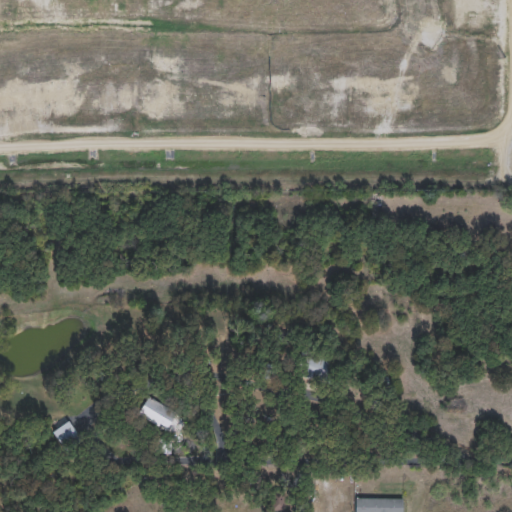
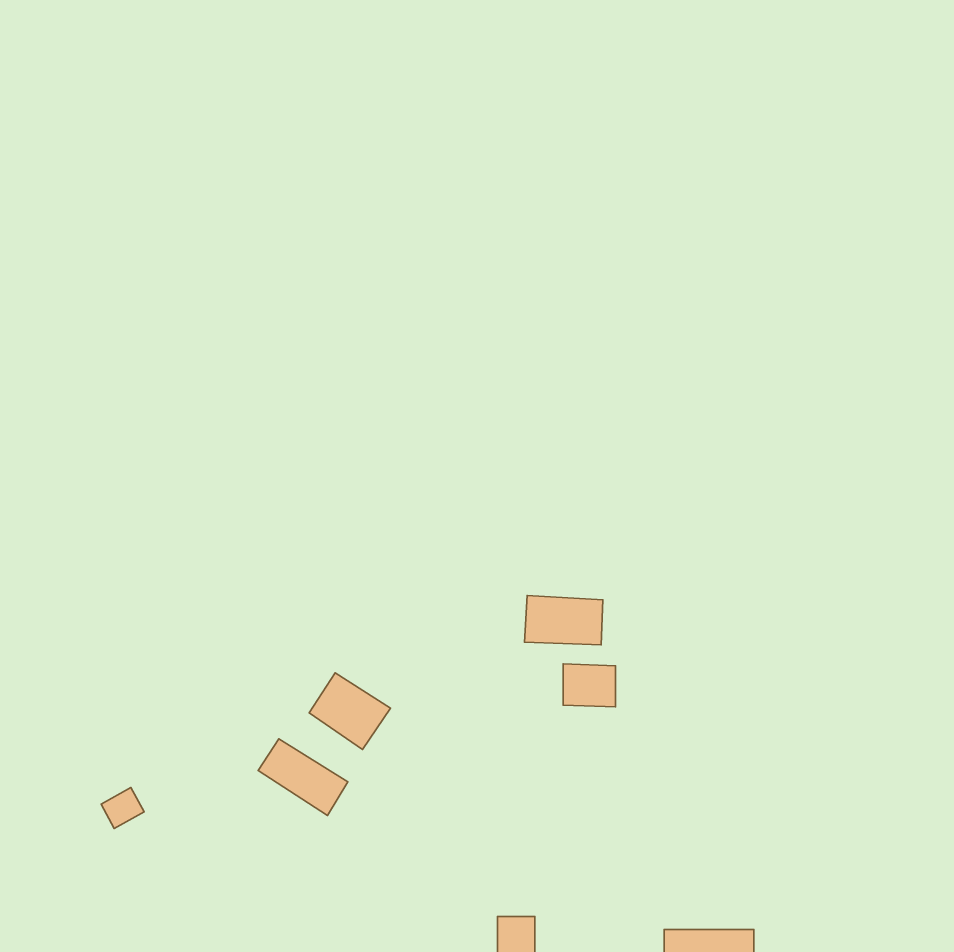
building: none -> [525,595,603,645]
building: none -> [309,673,390,750]

